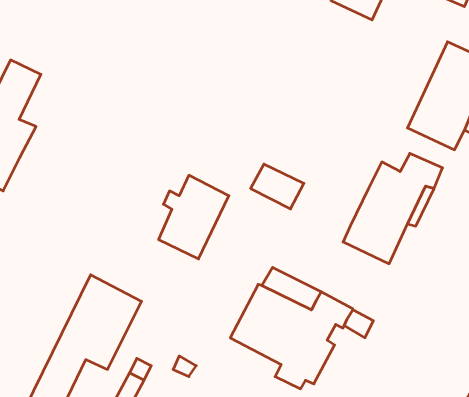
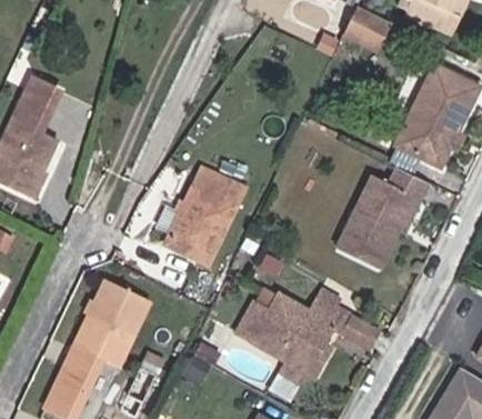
building: [251,164,304,209] -> [198,166,247,207]

